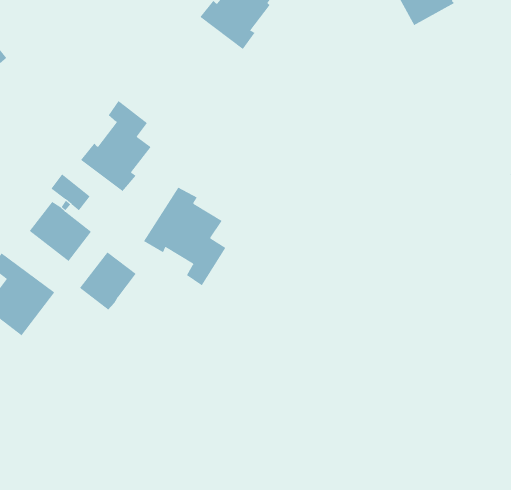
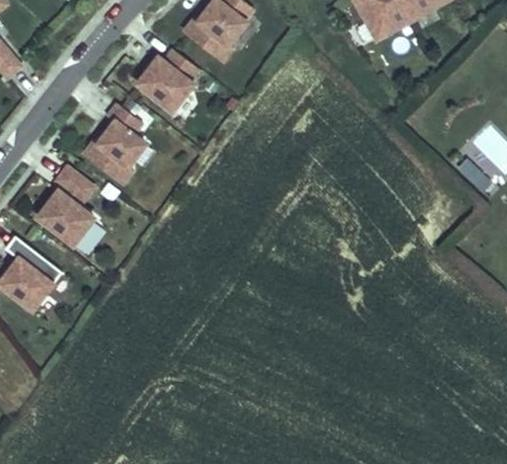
building: none -> [139,45,199,107]
building: [143,187,226,286] -> none
building: [79,251,136,310] -> none

